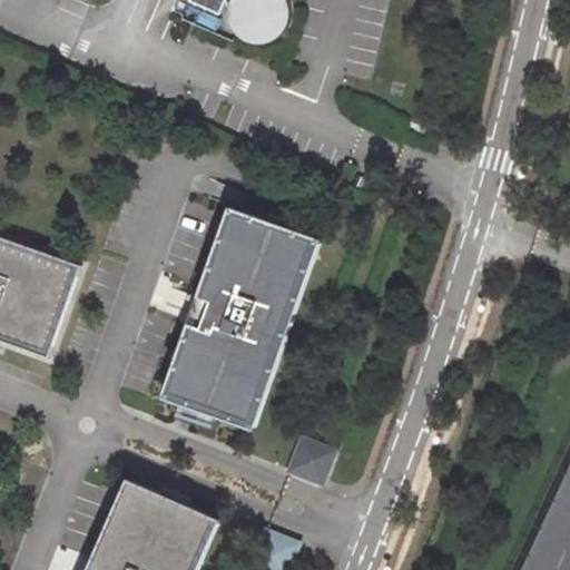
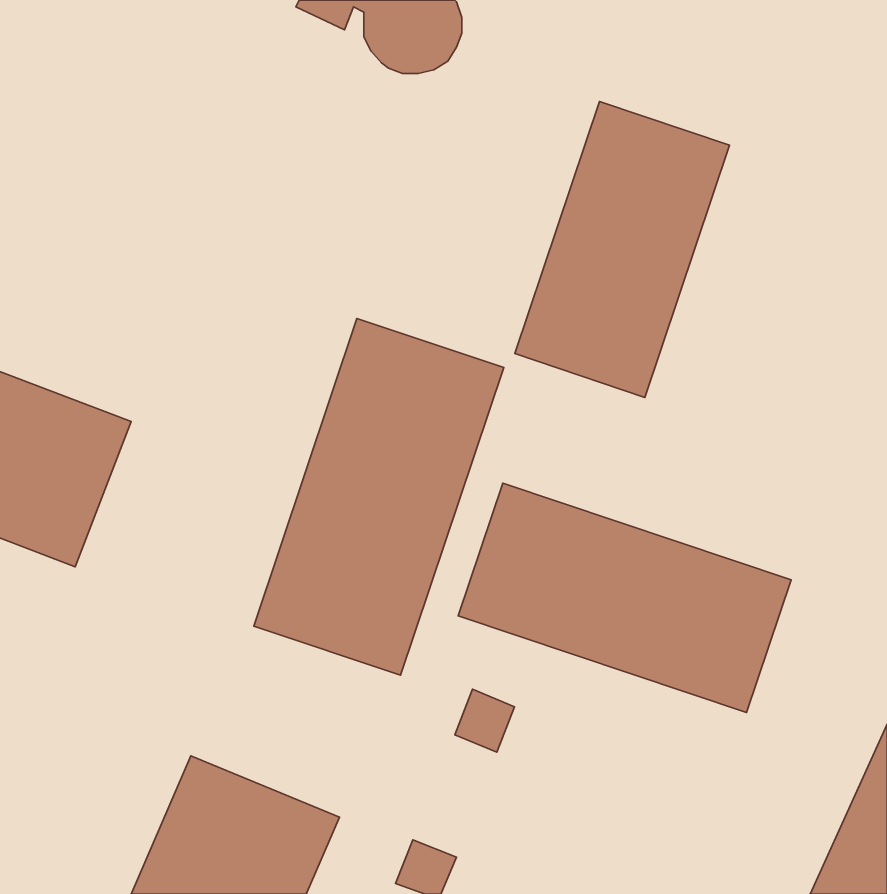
building: none -> [515,101,729,397]
building: none -> [458,483,791,713]

